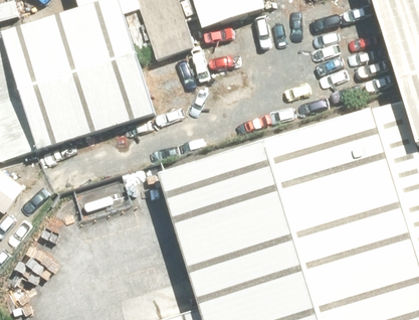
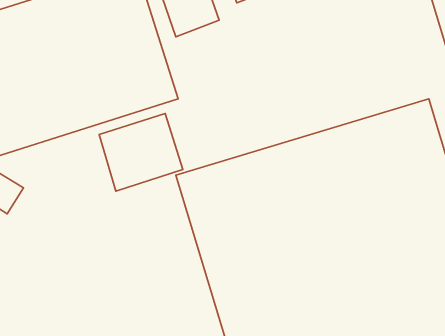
building: none -> [99,114,183,191]

